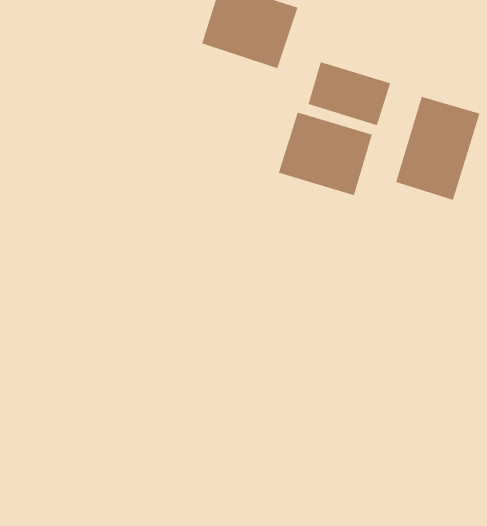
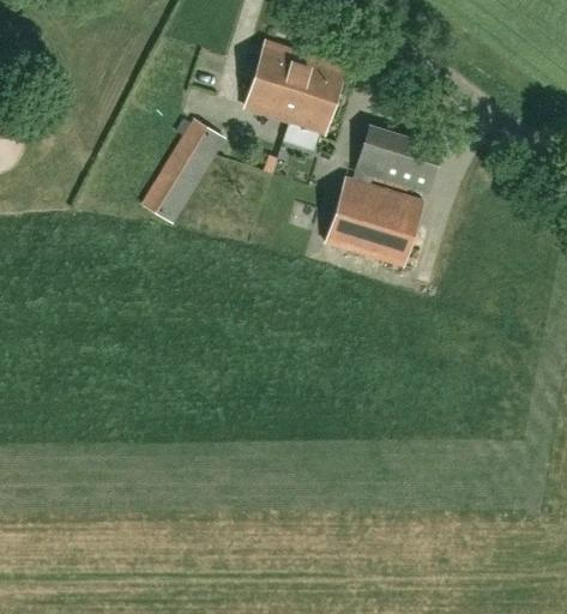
building: none -> [141,120,224,223]
building: [395,96,480,201] -> none

